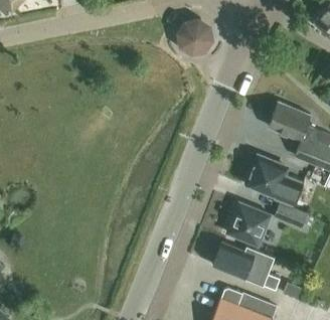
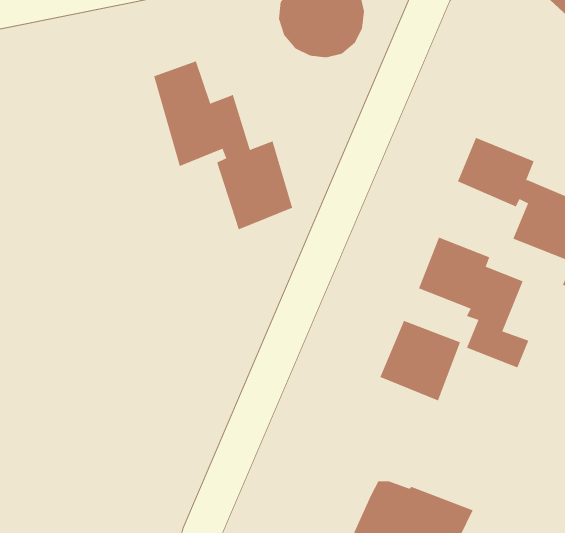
building: none -> [154,60,293,230]
building: [213,243,280,290] -> none

